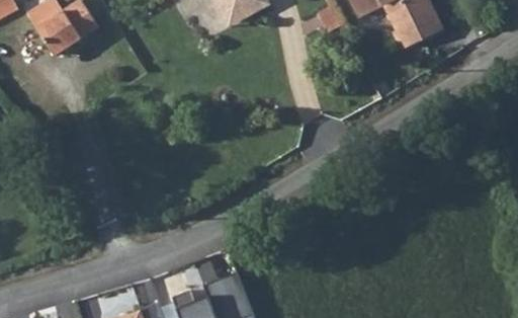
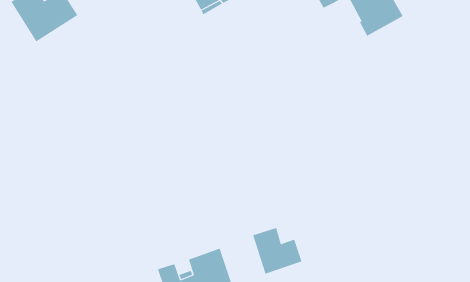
building: none -> [252,227,302,274]

